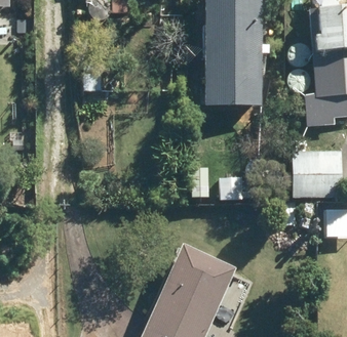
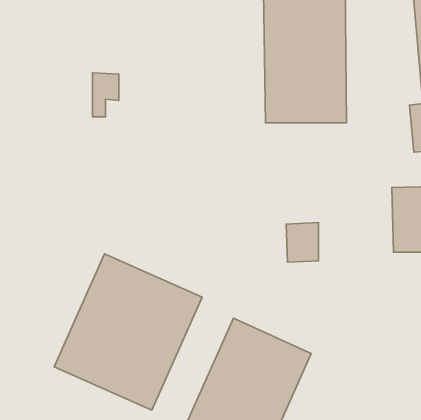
building: none -> [54,254,202,410]

